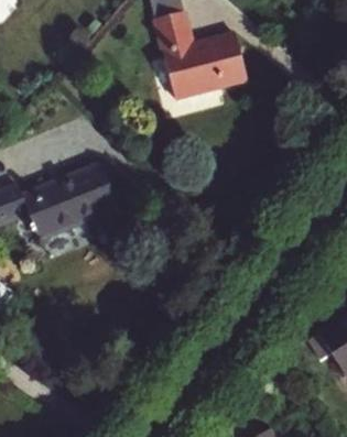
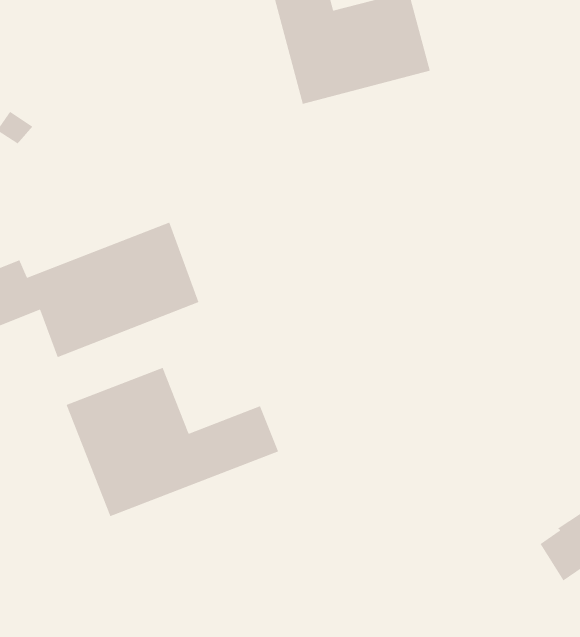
building: none -> [65,367,279,517]

